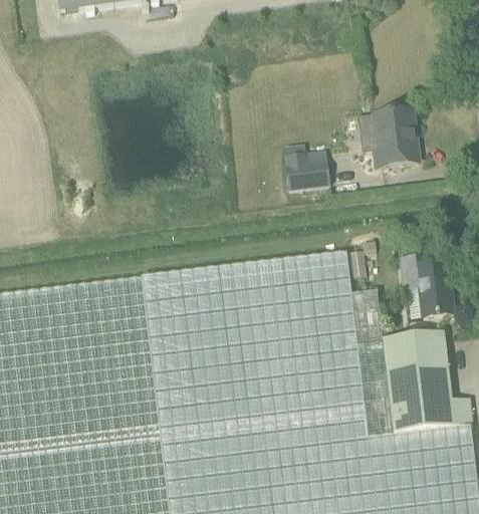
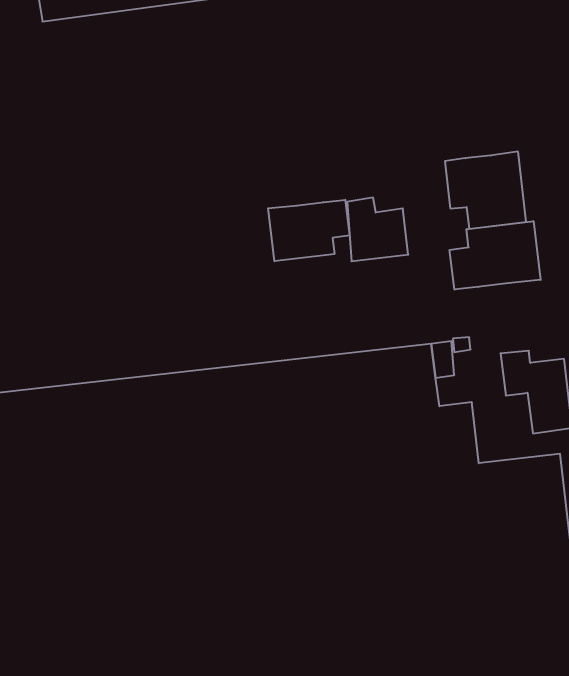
building: none -> [268,200,350,261]
building: none -> [450,221,541,290]

